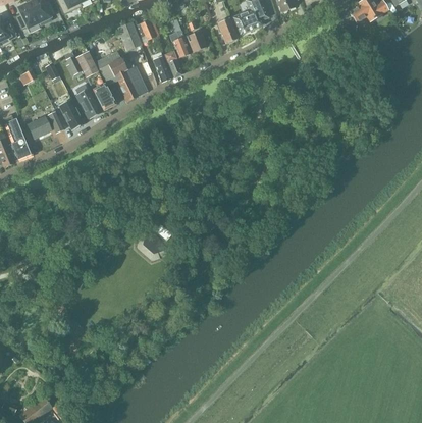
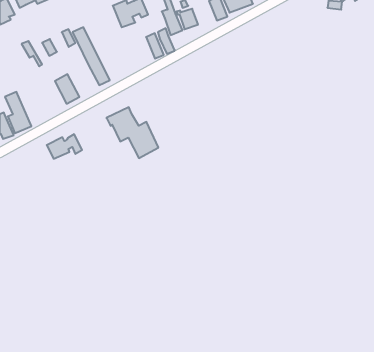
building: [94,49,148,102] -> [106,107,158,158]
building: [75,86,102,117] -> none
building: [28,111,64,137] -> [47,134,82,159]

